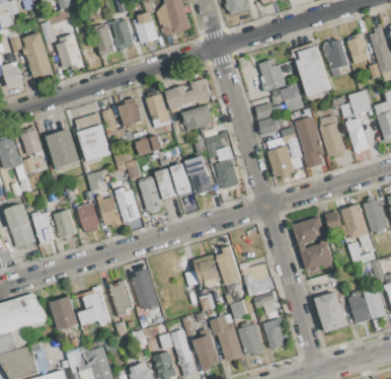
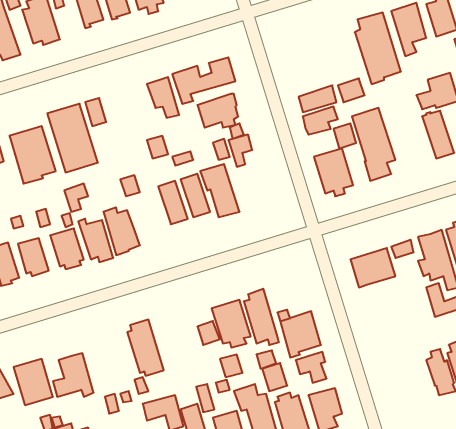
building: [258,60,285,91] -> none
building: [118,97,142,126] -> none
building: [317,115,345,157] -> none
building: [215,153,238,190] -> none
building: [139,177,163,213] -> none
building: [300,242,332,270] -> none
building: [109,281,133,317] -> none
building: [315,292,345,332] -> none

